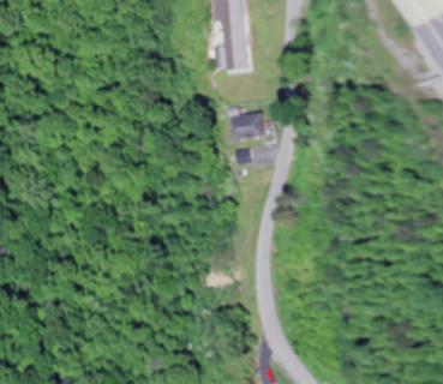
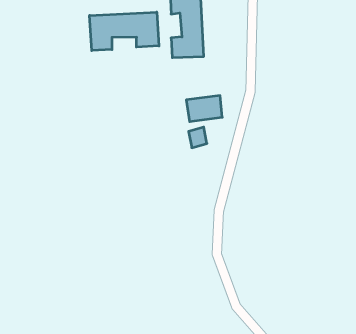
building: none -> [90,12,159,51]

